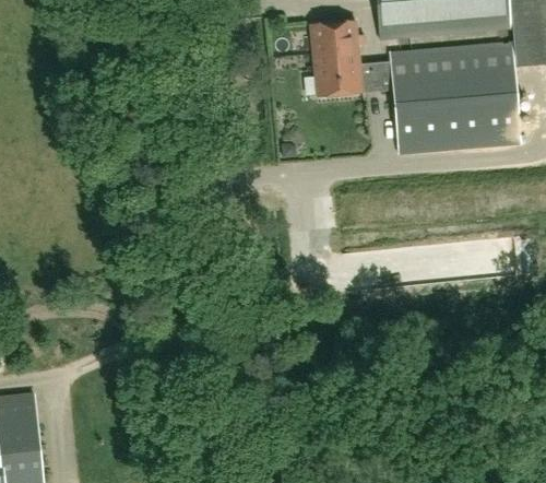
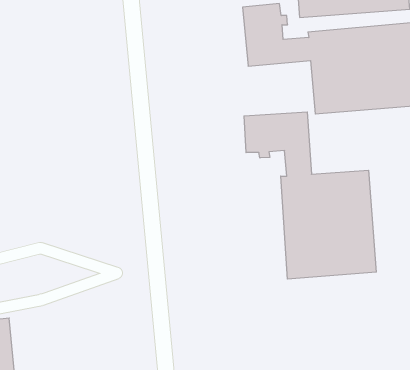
building: none -> [244,112,376,279]

